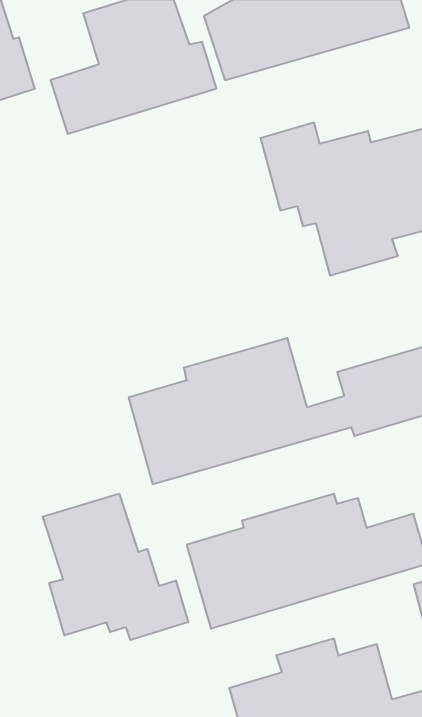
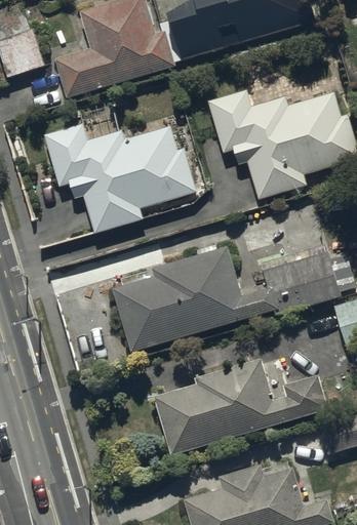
building: none -> [45,123,196,234]
building: [43,494,188,640] -> none

